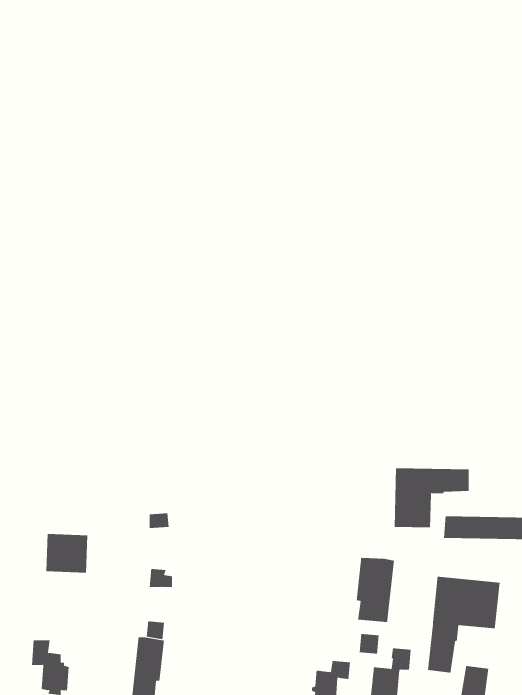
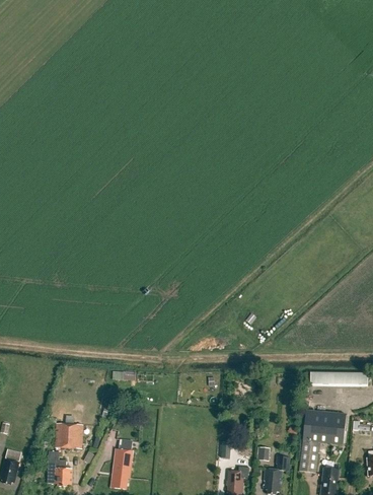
building: [394,468,469,528] -> none
building: [45,533,88,573] -> [55,423,82,448]
building: [356,557,395,623] -> none

